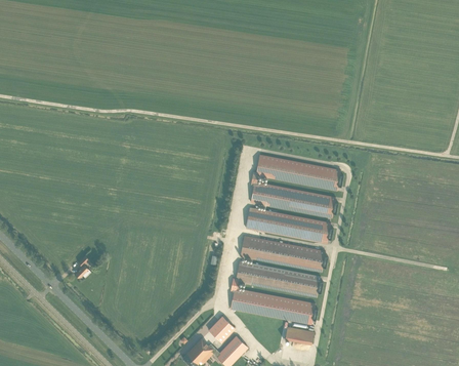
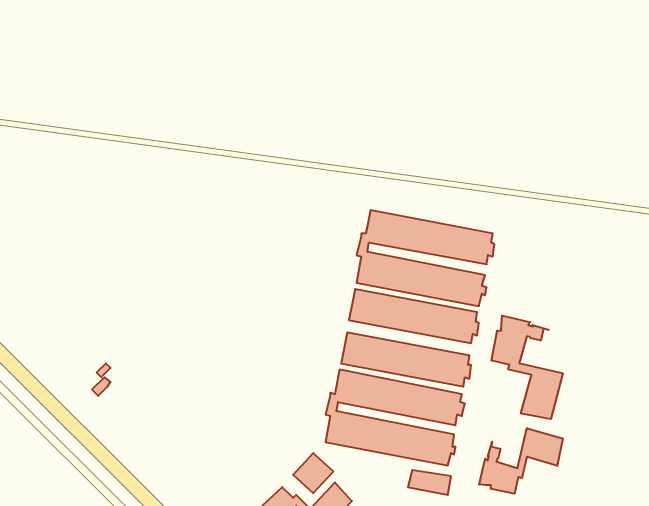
building: none -> [491,316,563,419]
building: none -> [479,428,563,494]

